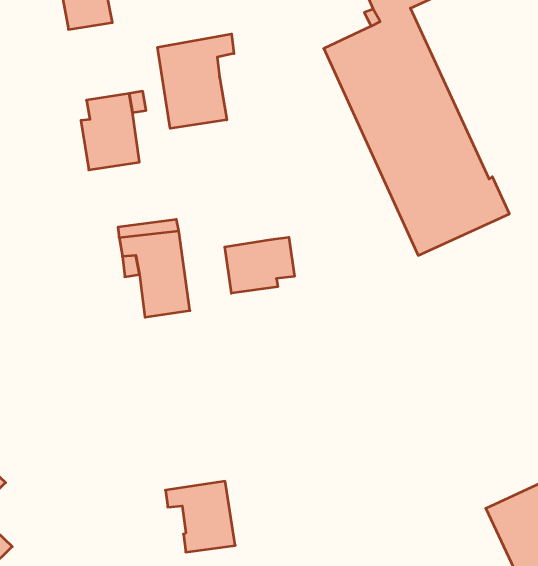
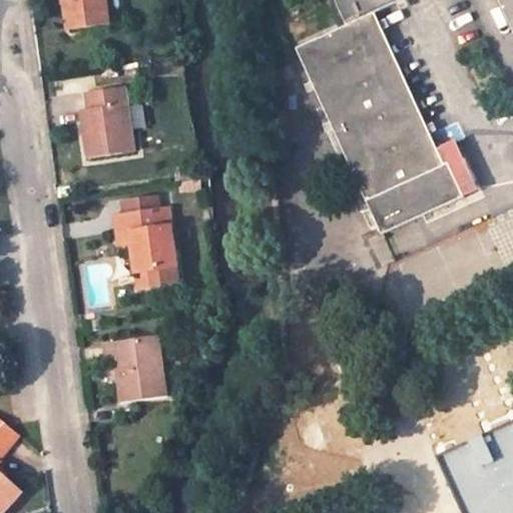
building: [158,34,234,128] -> none
building: [225,237,294,293] -> none
building: [165,481,235,552] -> [102,336,164,399]

